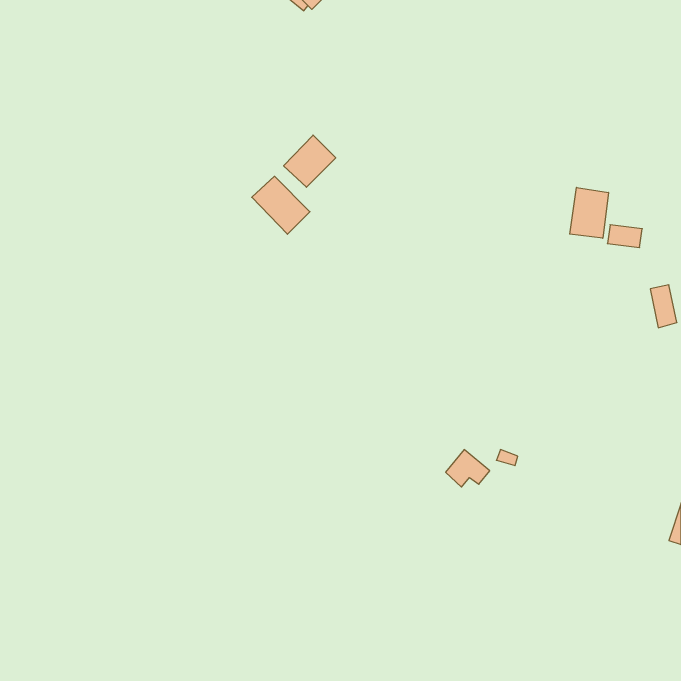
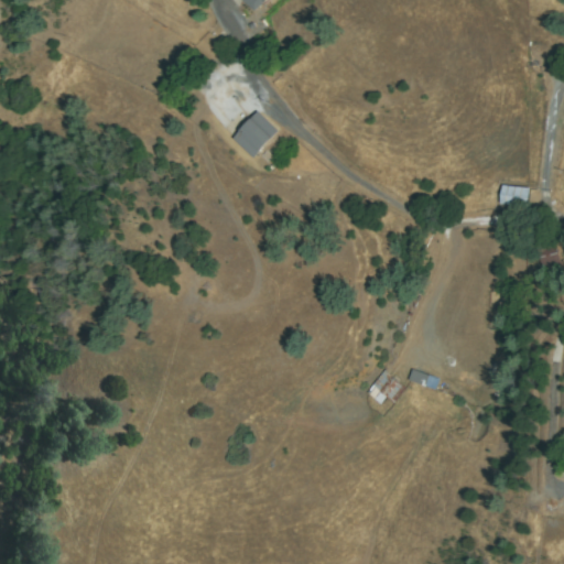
building: [252,176,310,234] -> none
building: [570,187,608,238] -> none

